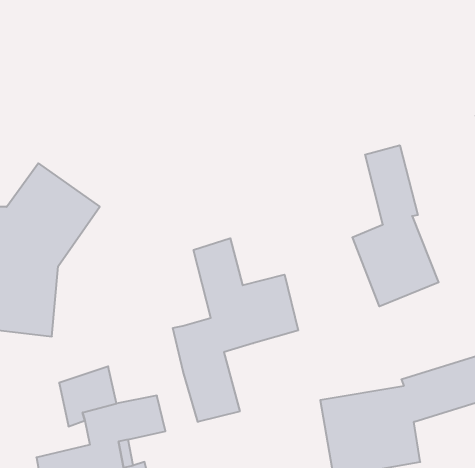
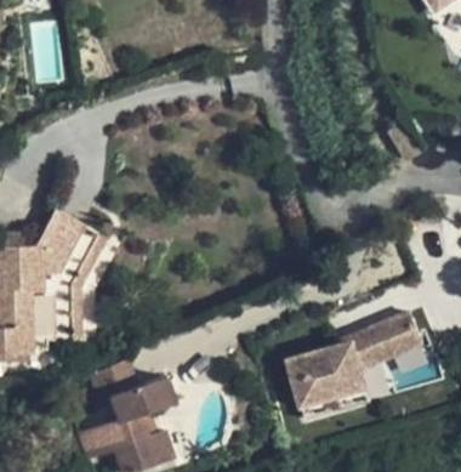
building: [352,145,439,306] -> none
building: [173,238,298,422] -> none

